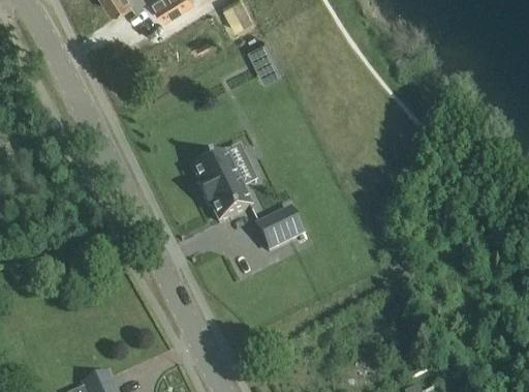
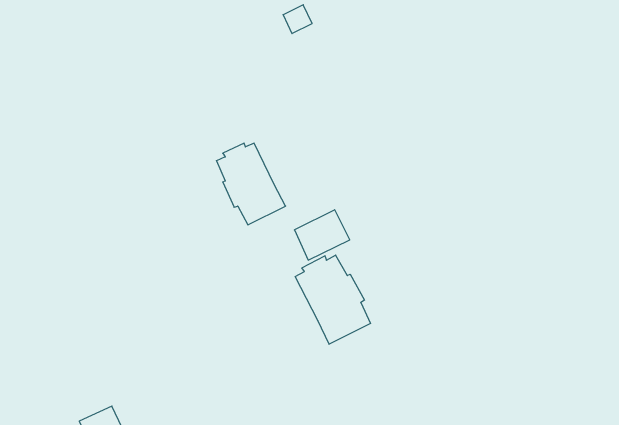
building: none -> [295,255,371,344]

